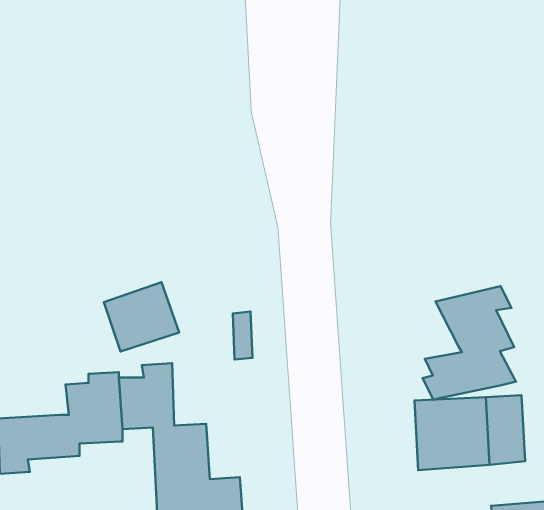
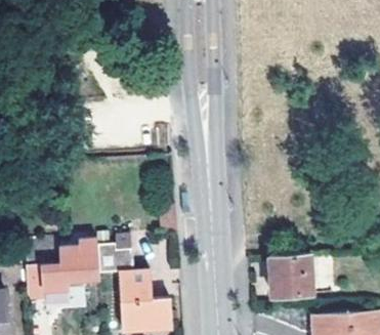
building: [104,282,179,351] -> none
building: [422,286,516,400] -> none

